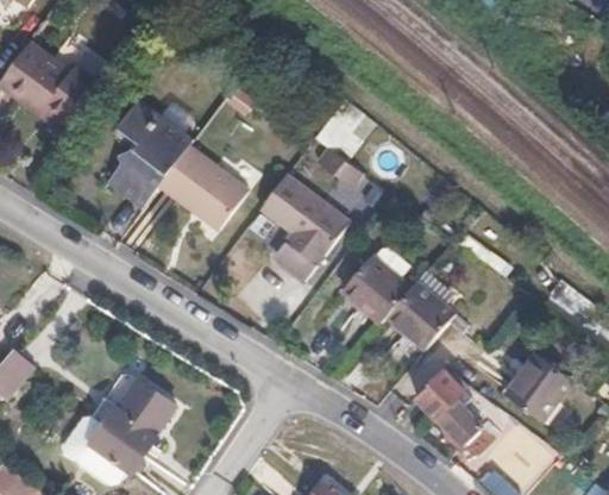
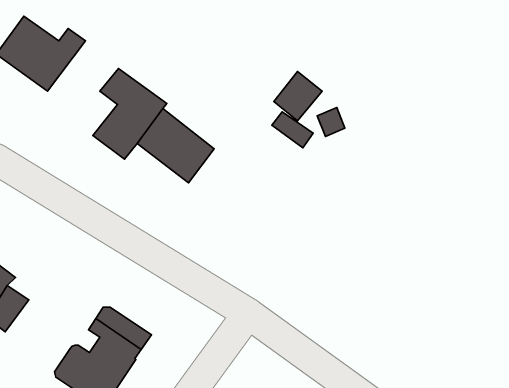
building: [257,176,347,268] -> none
building: [344,256,459,346] -> none
building: [503,353,567,421] -> none
building: [417,366,485,443] -> none

